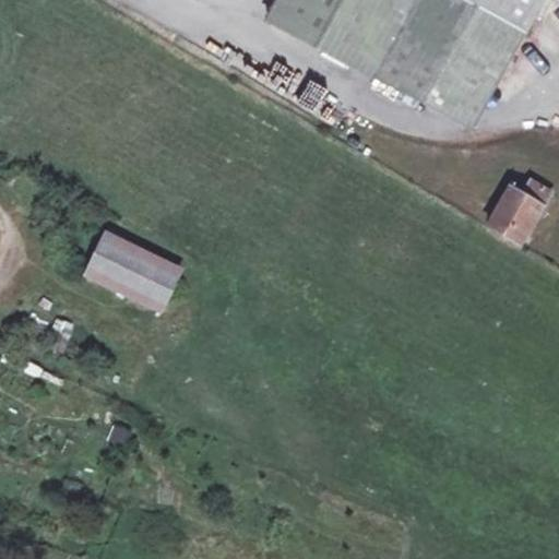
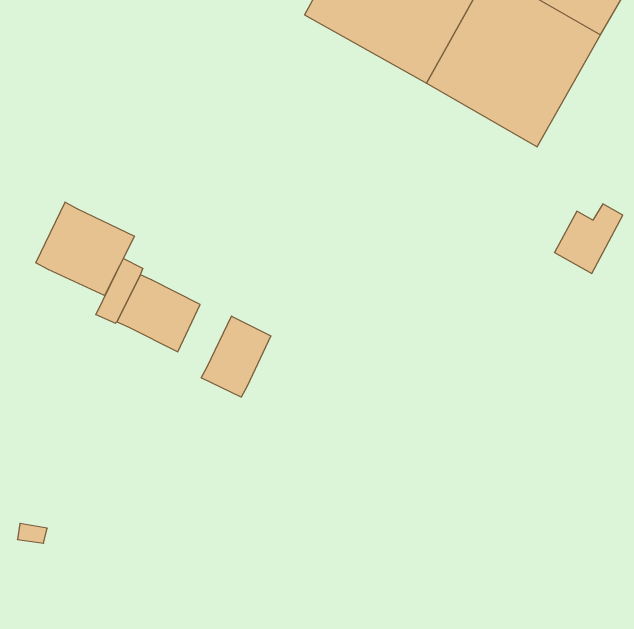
building: none -> [36,202,134,296]
building: none -> [201,316,271,397]

